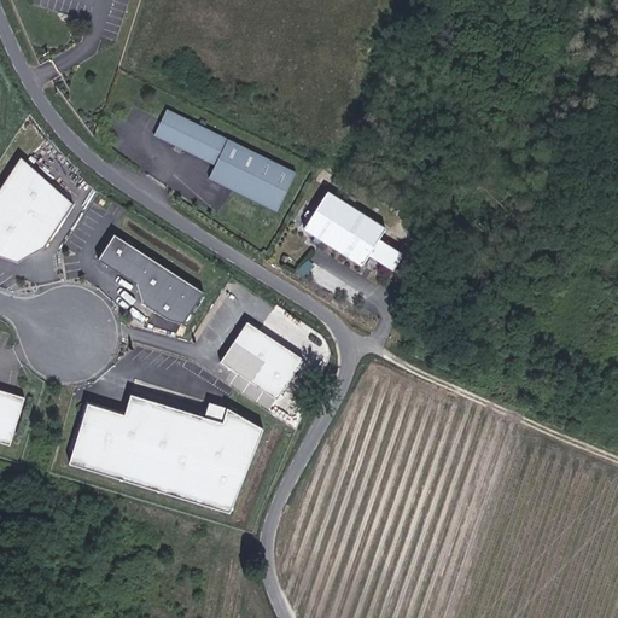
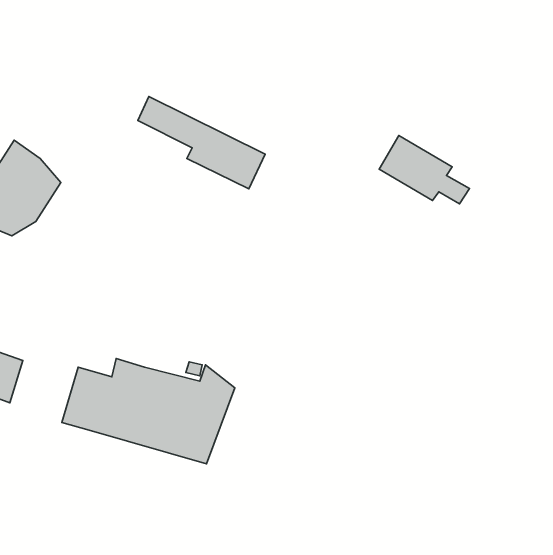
building: [303,193,403,269] -> [379,135,469,204]
building: [95,234,202,322] -> none
building: [220,322,302,400] -> none

